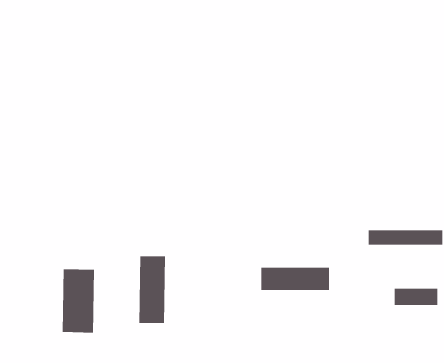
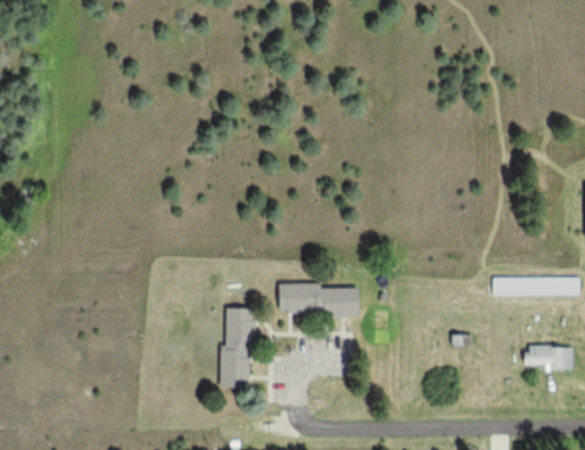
building: [260,267,330,291] -> [278,287,360,315]
building: [62,268,95,333] -> none

